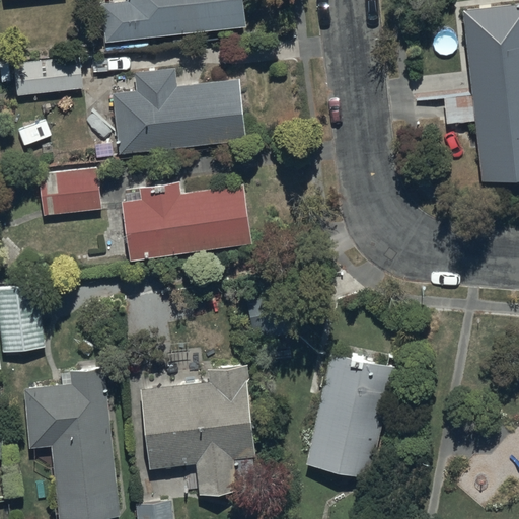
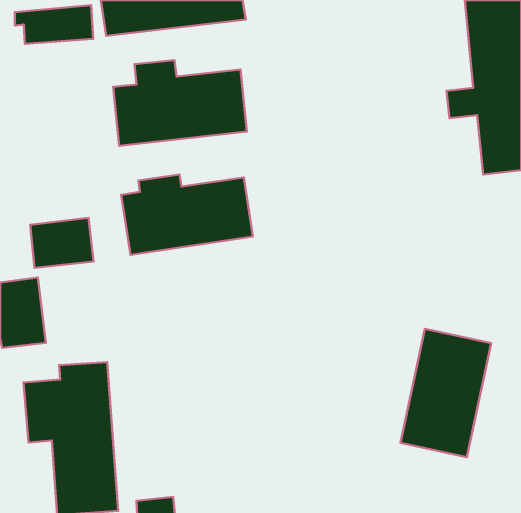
building: [5,58,83,96] -> [15,5,93,44]
building: [39,167,101,217] -> [30,218,94,268]
building: [304,351,394,478] -> [400,329,491,457]
building: [141,363,256,495] -> none

